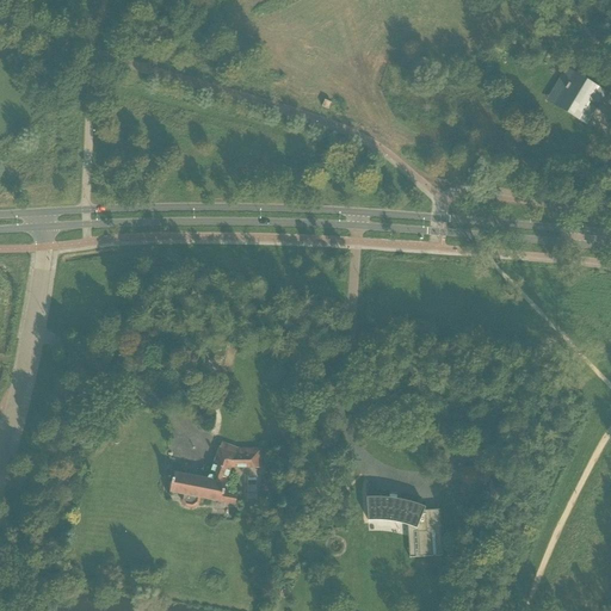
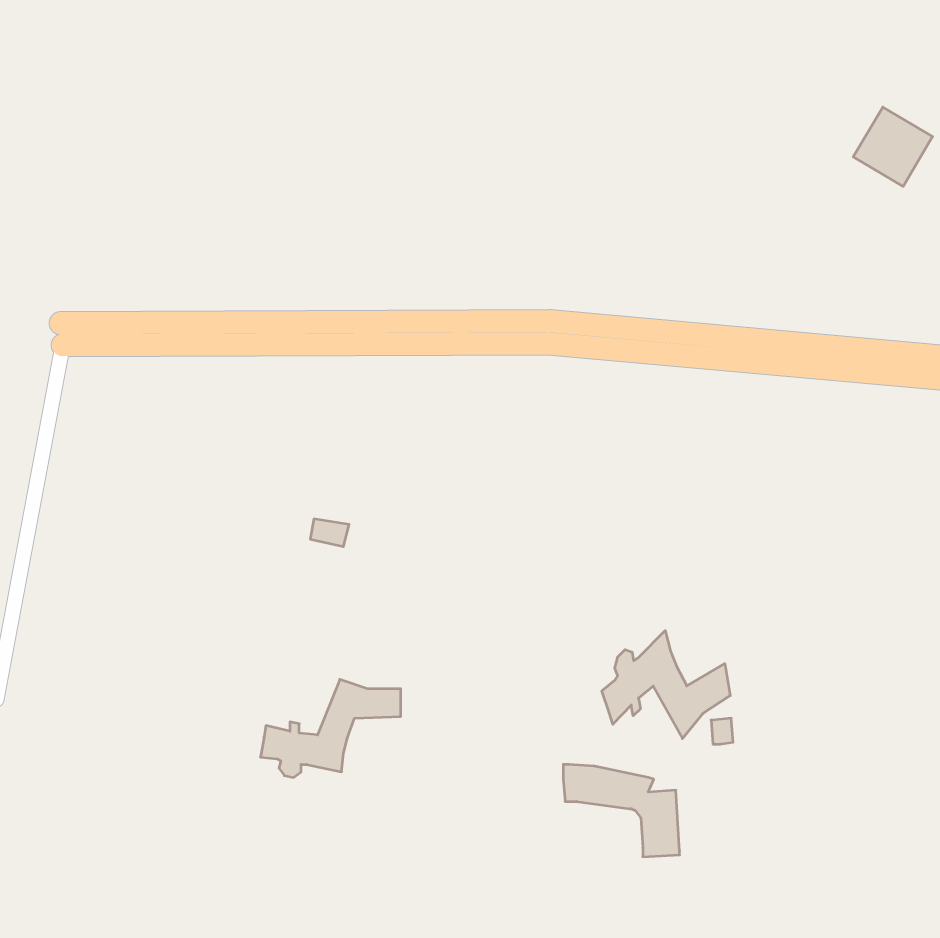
building: none -> [602,631,730,739]

